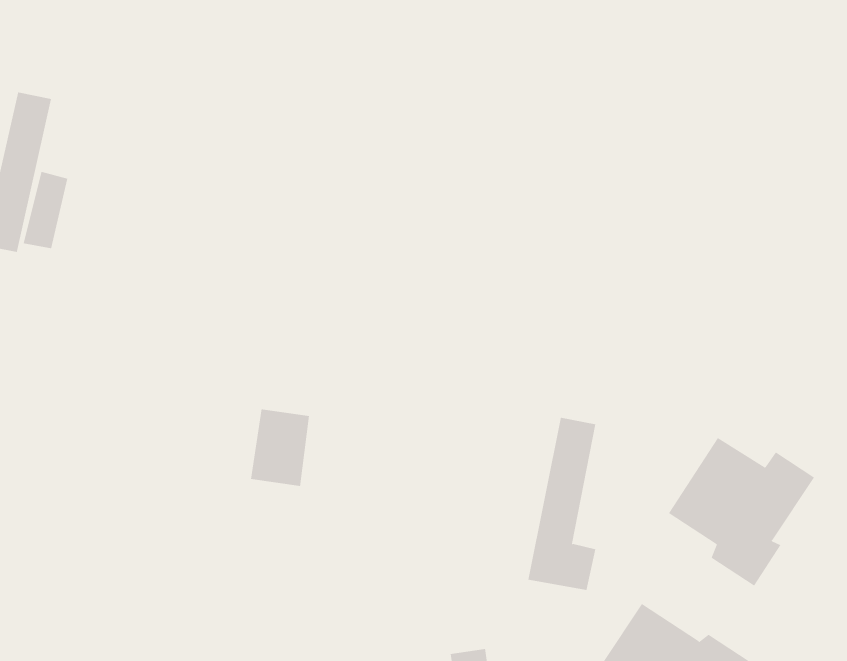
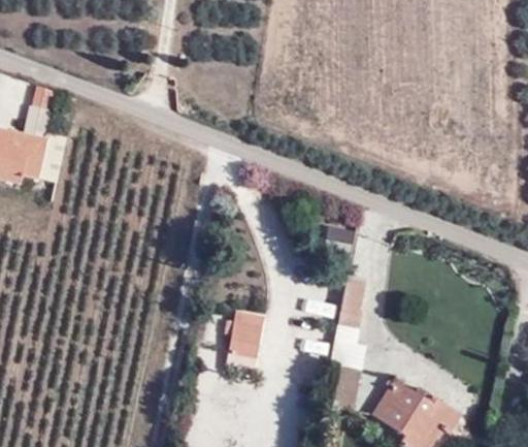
building: [250,409,310,486] -> [228,311,262,355]
building: [668,437,815,586] -> none

